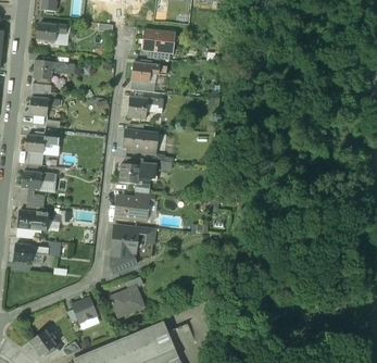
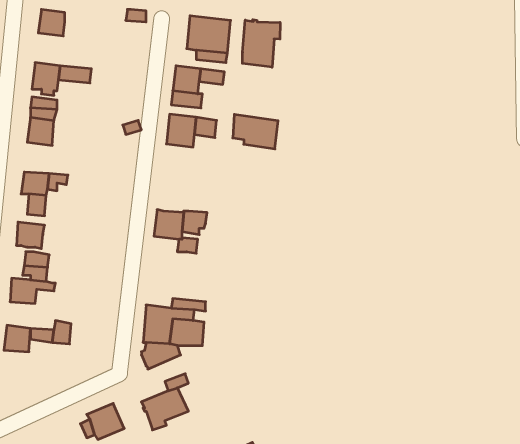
building: none -> [242,20,280,67]
building: [123,128,154,152] -> [233,114,278,149]
building: [115,195,147,218] -> none

